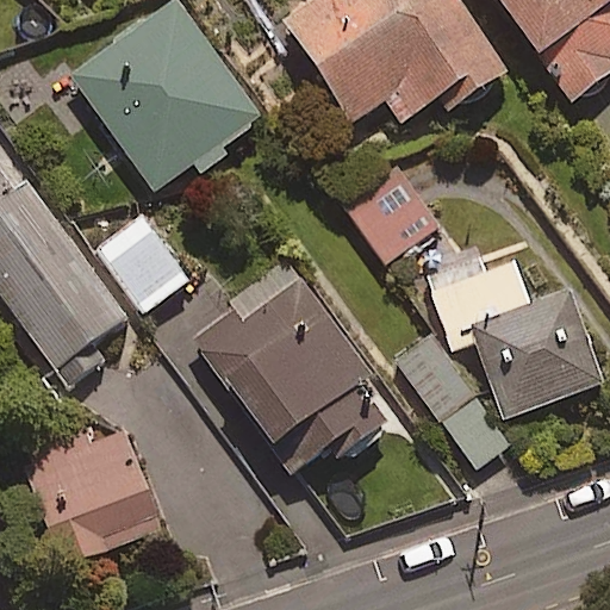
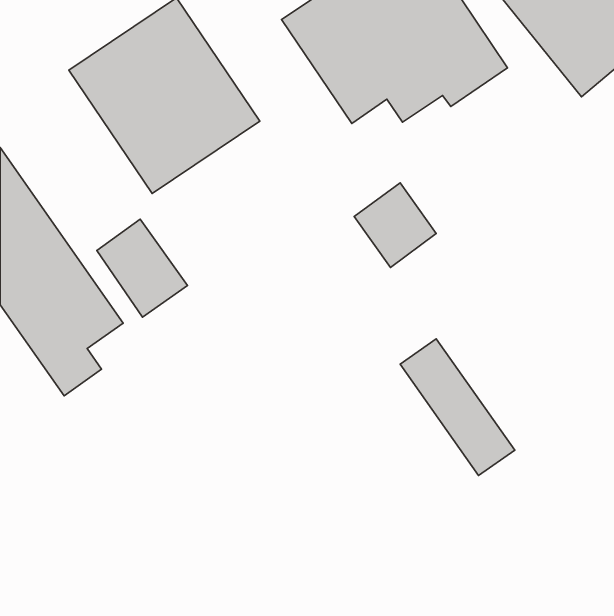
building: [194,262,388,469] -> none
building: [431,262,603,418] -> none
building: [29,431,161,565] -> none

